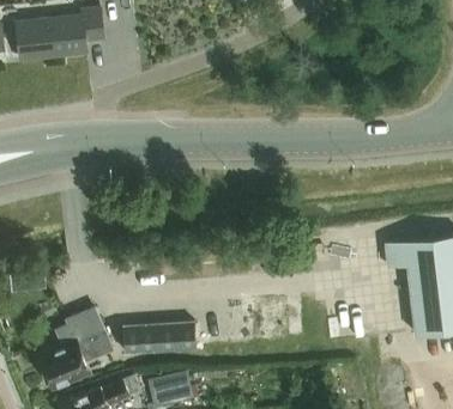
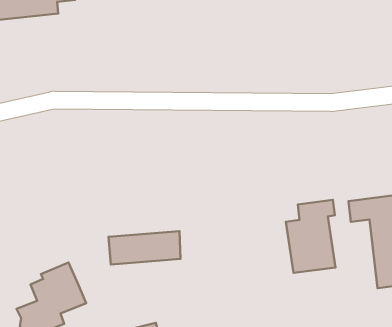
building: none -> [286,200,336,273]
building: [119,318,193,353] -> [109,231,181,265]

